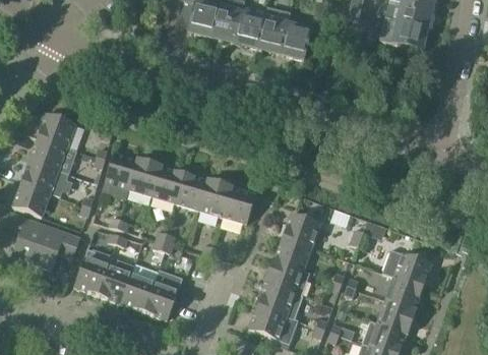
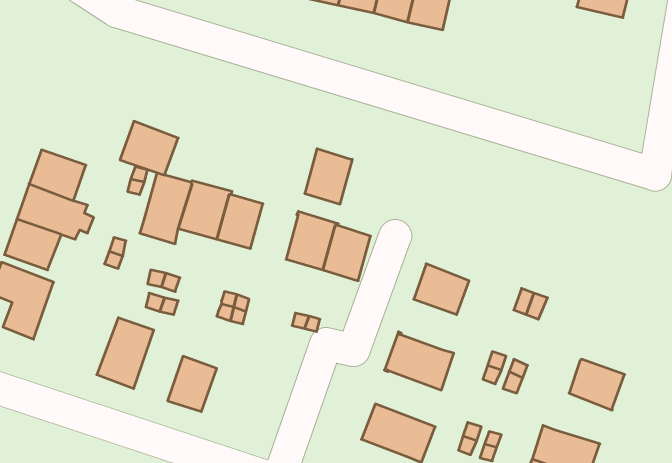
building: [37,111,75,146] -> [120,121,178,175]
building: [175,172,206,209] -> [305,149,352,204]
building: [32,224,79,269] -> none
building: [273,235,311,269] -> none
building: [380,247,430,285] -> none
building: [98,255,132,302] -> none
building: [142,268,182,318] -> none
building: [257,282,301,319] -> none
building: [376,297,416,334] -> none

